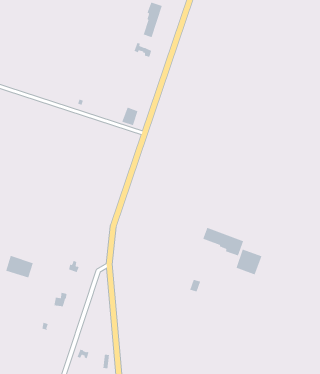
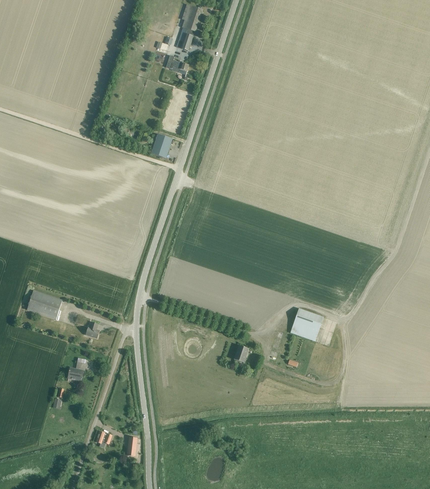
building: [202,227,244,256] -> none
building: [5,255,34,278] -> [26,290,61,319]

